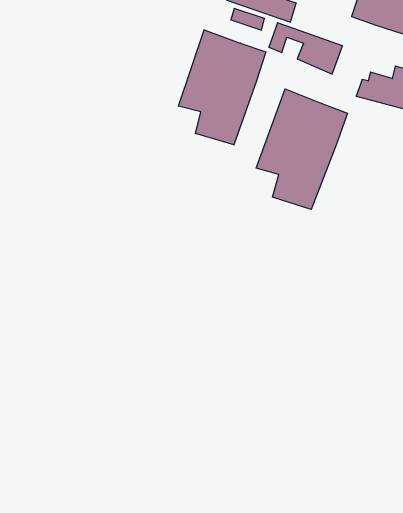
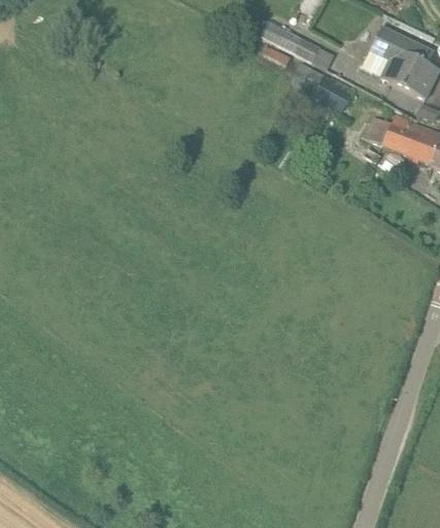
building: [178,30,266,145] -> none
building: [256,89,347,209] -> none

